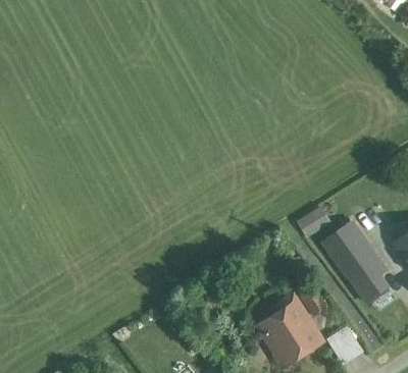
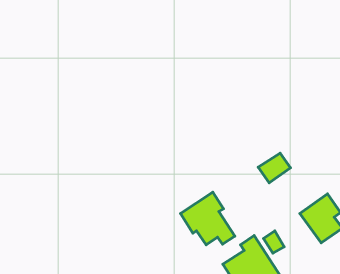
building: [323,222,372,270] -> none
building: none -> [180,192,235,245]

